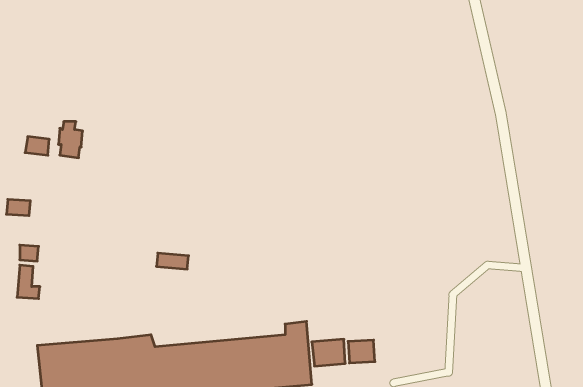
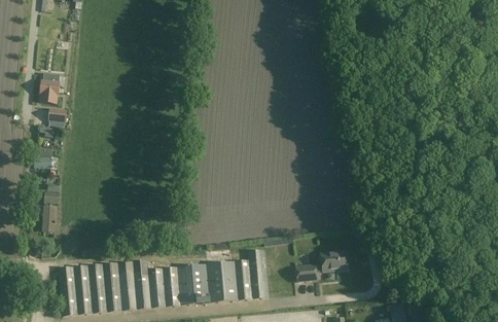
building: [58,122,83,158] -> [40,75,59,103]
building: [312,339,345,366] -> [321,250,347,271]

